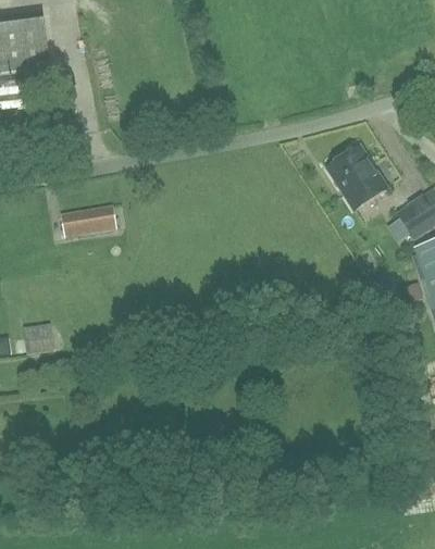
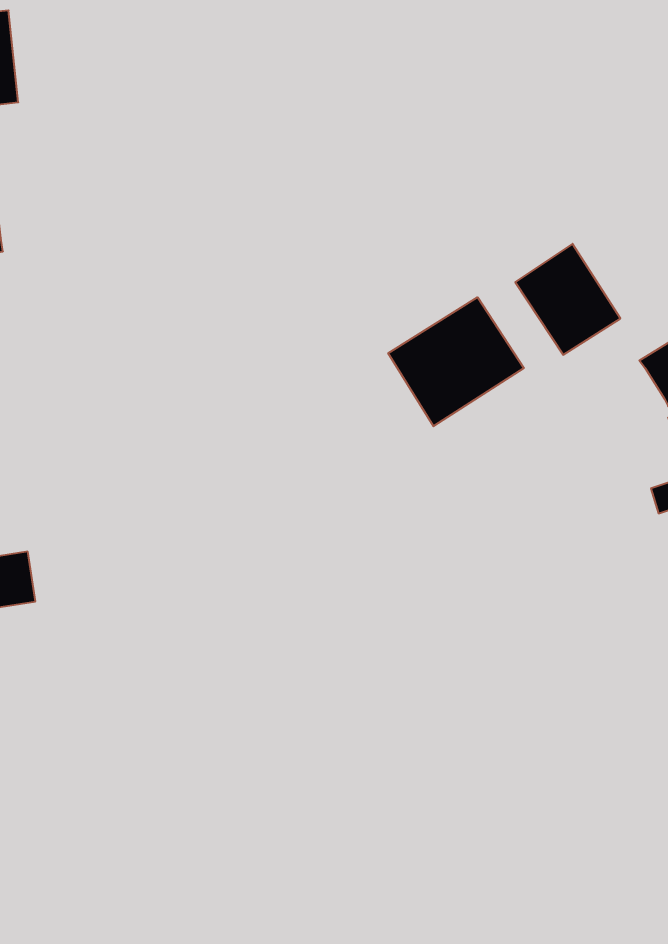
building: none -> [388,297,524,426]
building: [60,203,116,236] -> none

